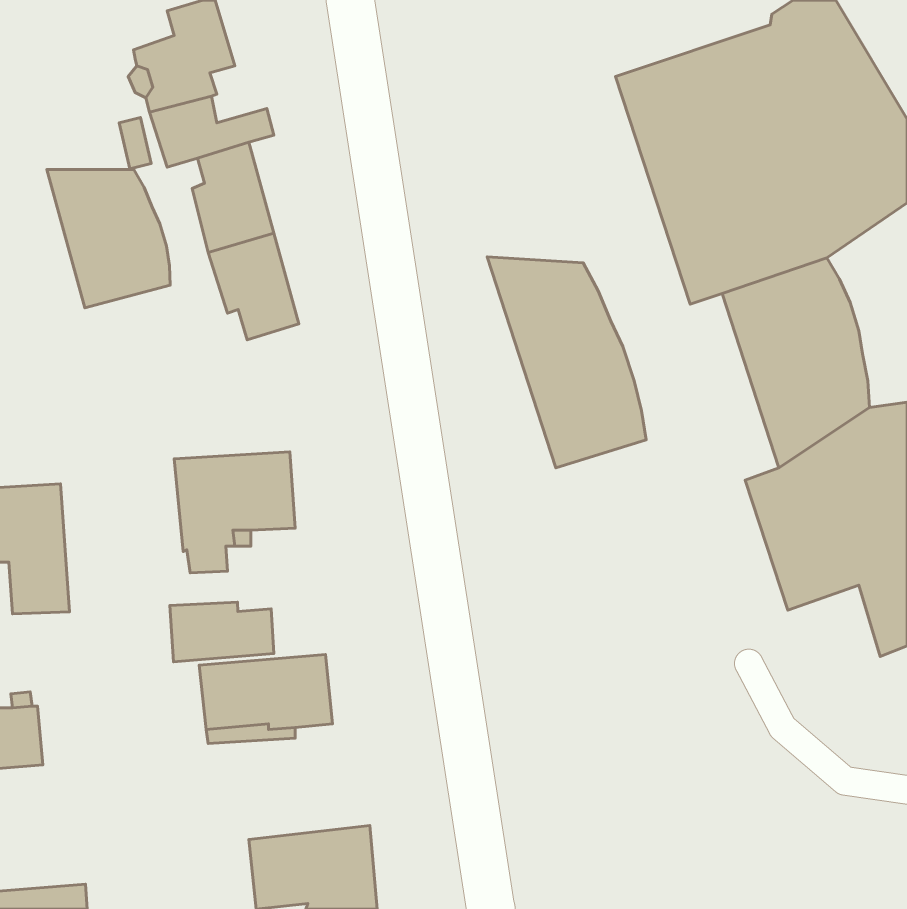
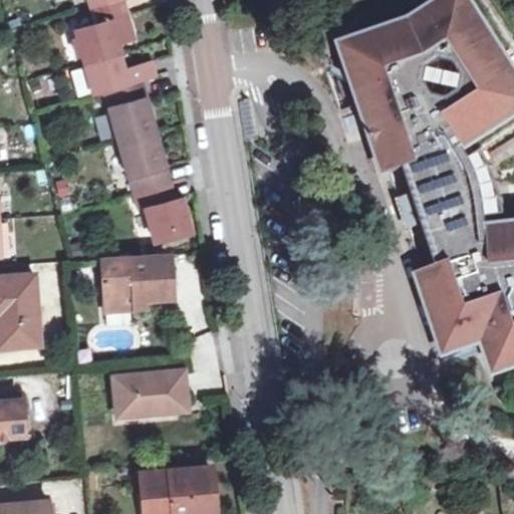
building: [47,169,170,308] -> none
building: [487,257,646,468] -> none
building: none -> [140,183,190,242]
building: [170,602,274,662] -> none

